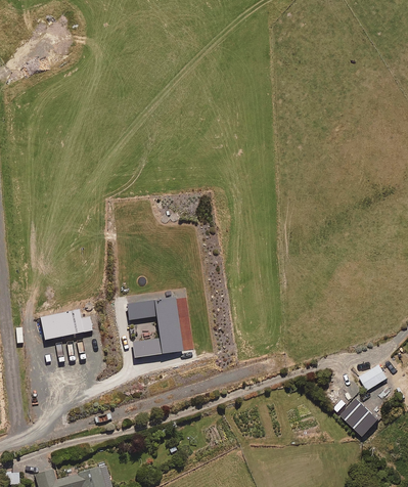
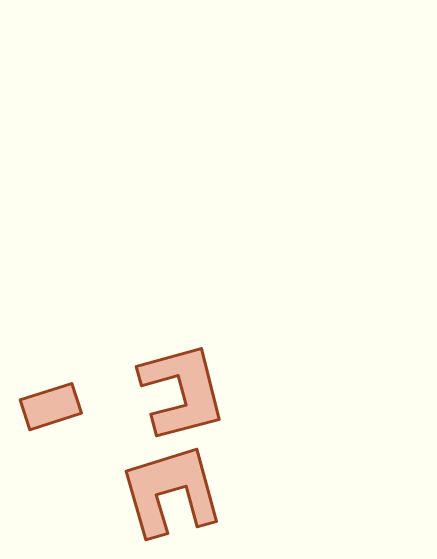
building: none -> [126,449,217,540]

